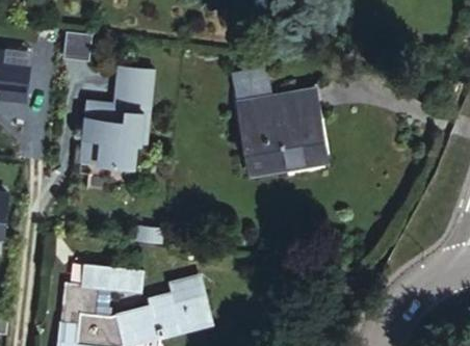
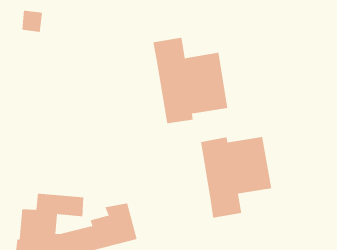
building: [80,66,156,165] -> none
building: none -> [200,136,272,218]

